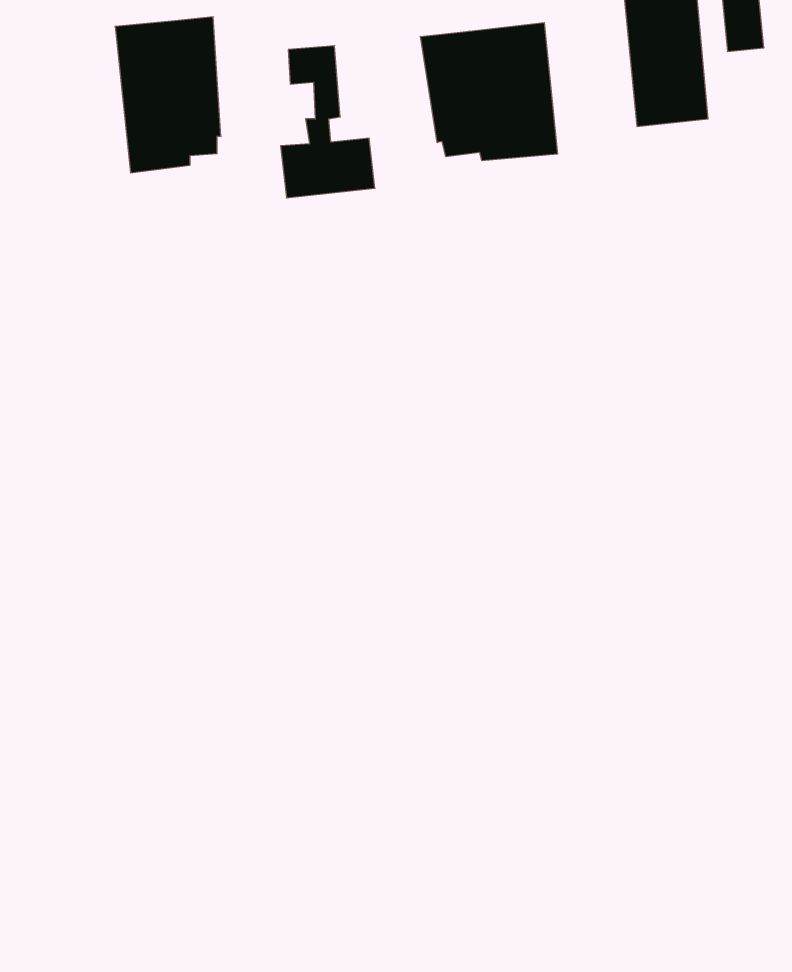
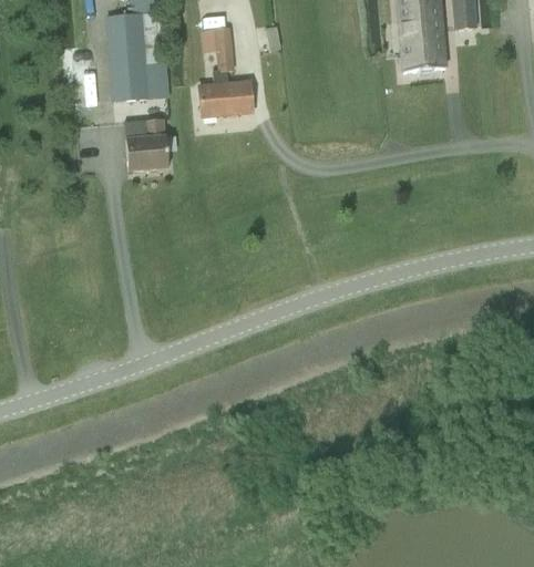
building: [420,23,557,161] -> none
building: none -> [124,118,168,171]

